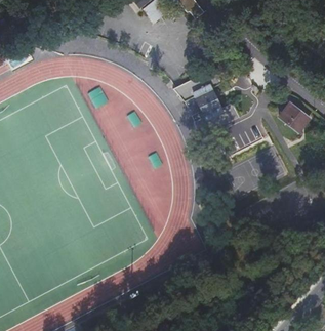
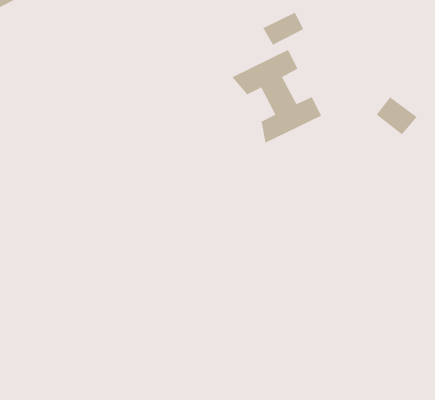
building: none -> [263,12,304,45]

